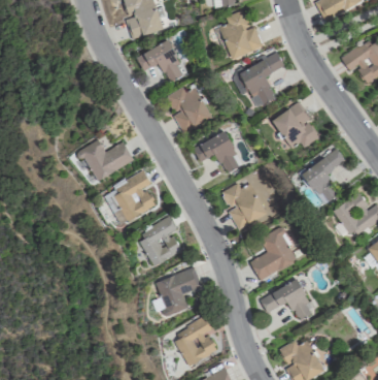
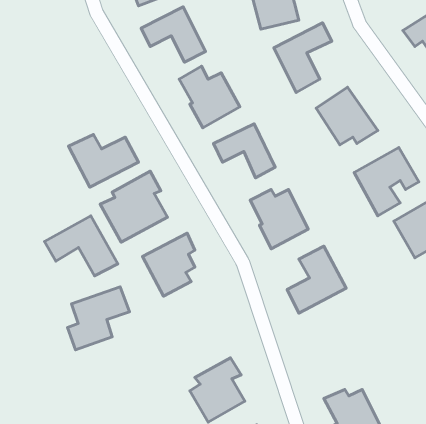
building: none -> [45,216,118,276]
building: [152,267,201,317] -> [67,287,129,350]
building: [261,279,315,321] -> none

